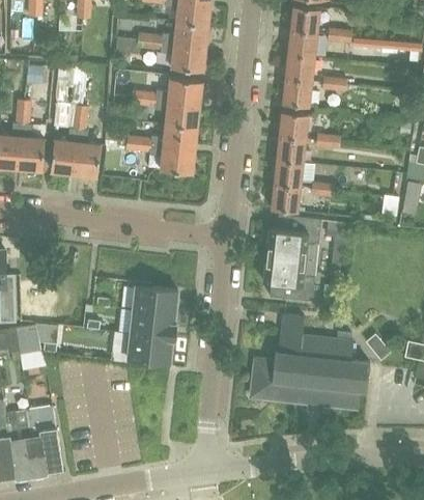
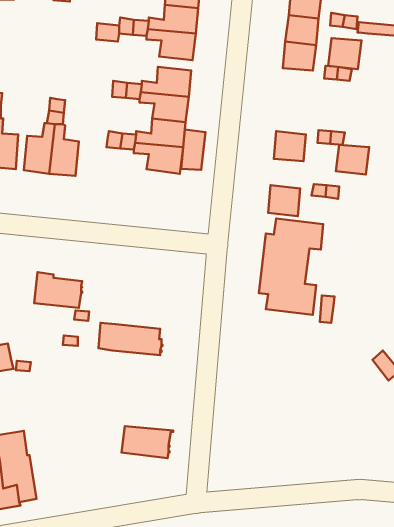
building: [282,78,312,106] -> [328,38,361,69]
building: [279,111,308,138] -> none
building: none -> [181,129,205,170]
building: [274,160,304,187] -> [336,145,369,175]
building: [134,281,177,313] -> [34,272,82,308]
building: [251,313,369,409] -> none
building: [128,333,174,362] -> [121,426,173,458]

